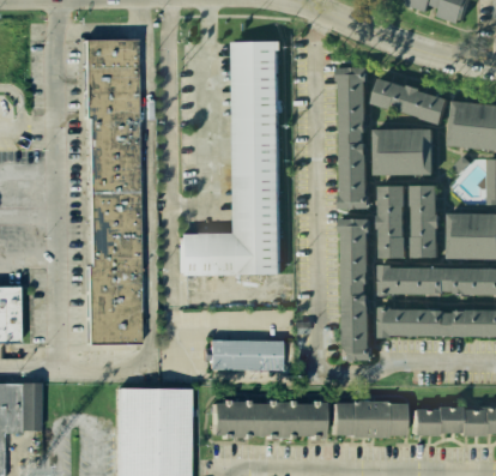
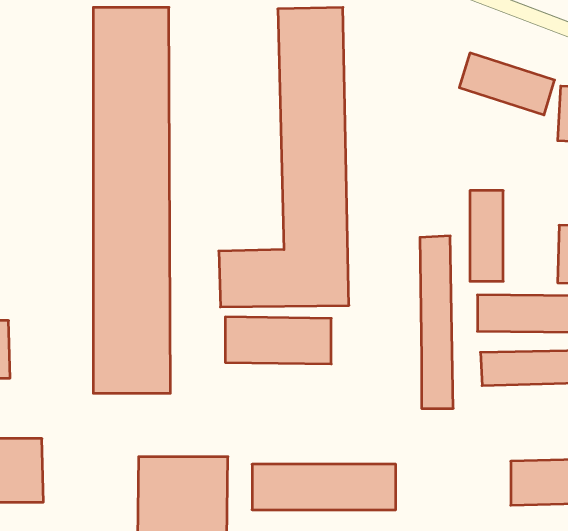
building: [337,71,368,206] -> none
building: [375,128,434,174] -> none
building: [412,183,441,255] -> none
building: [204,339,288,376] -> [225,317,331,364]
building: [332,399,401,434] -> none

